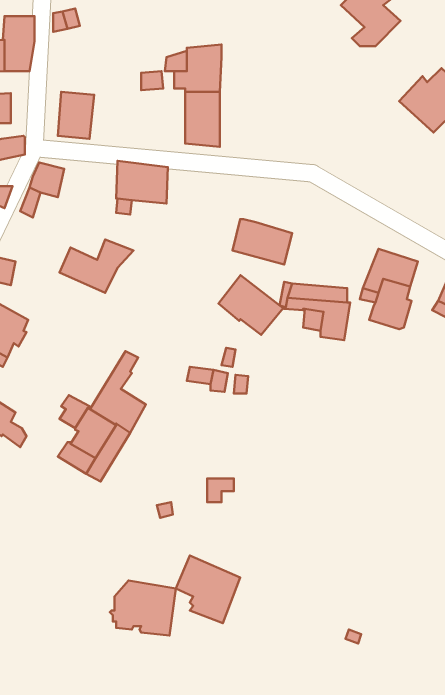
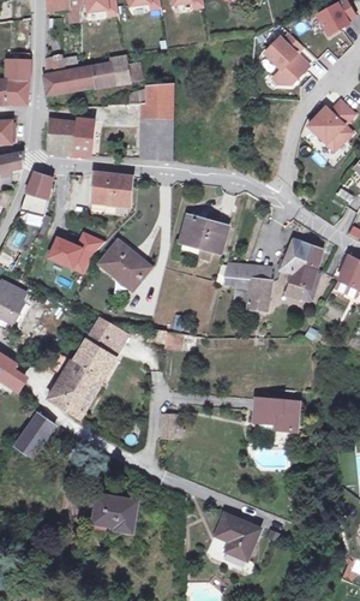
building: none -> [44,56,139,94]
building: none -> [72,119,94,156]
building: [219,275,283,335] -> [101,242,150,287]
building: none -> [96,322,128,358]
building: none -> [251,395,300,433]
building: none -> [16,412,55,458]
building: [176,555,240,623] -> [211,510,260,561]

